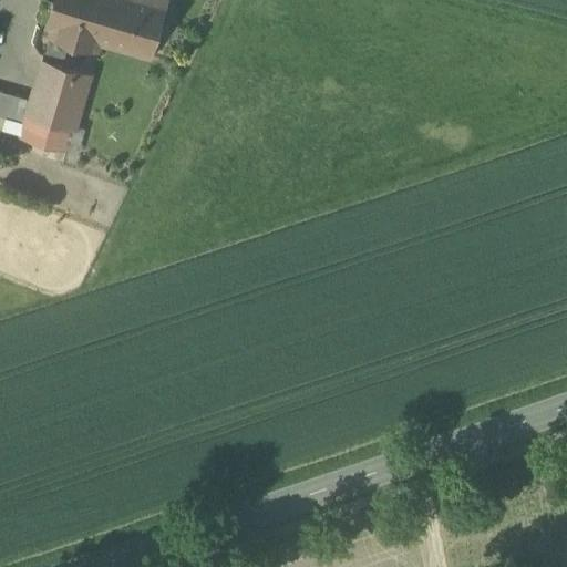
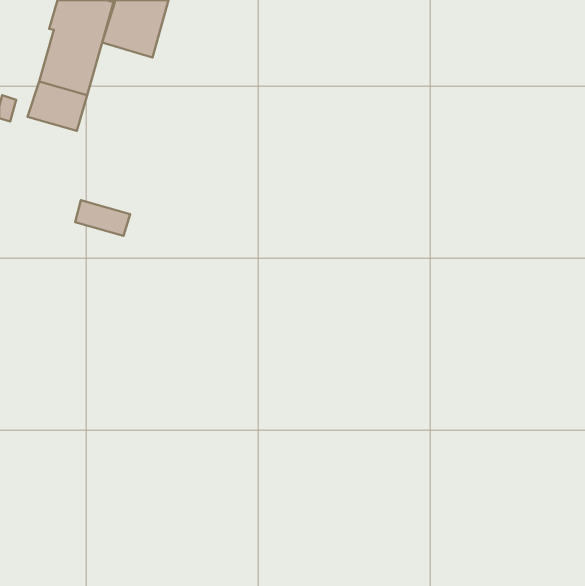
building: [21,113,74,147] -> [75,200,130,236]

